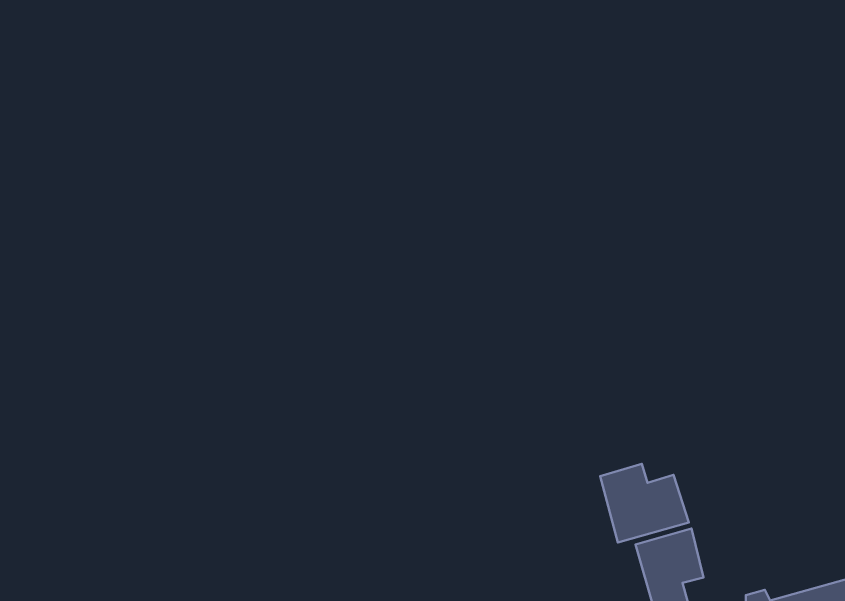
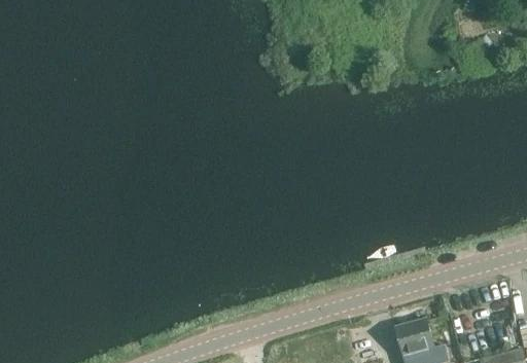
building: [600,464,689,543] -> none

